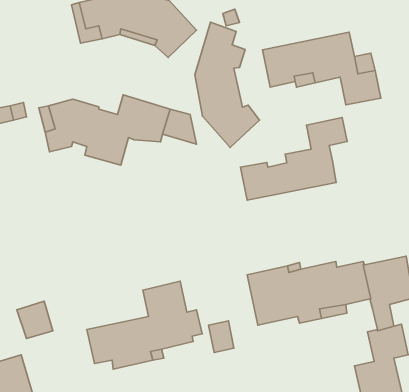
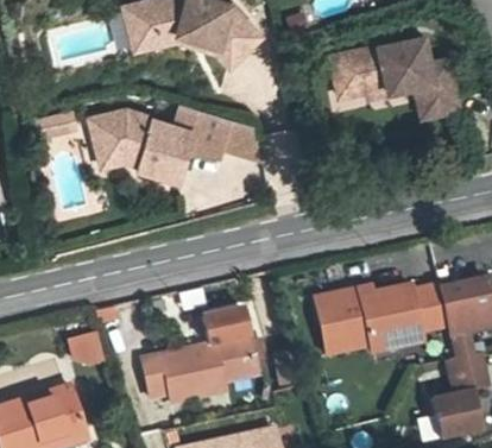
building: [195,22,259,148] -> none
building: [241,117,347,200] -> none

